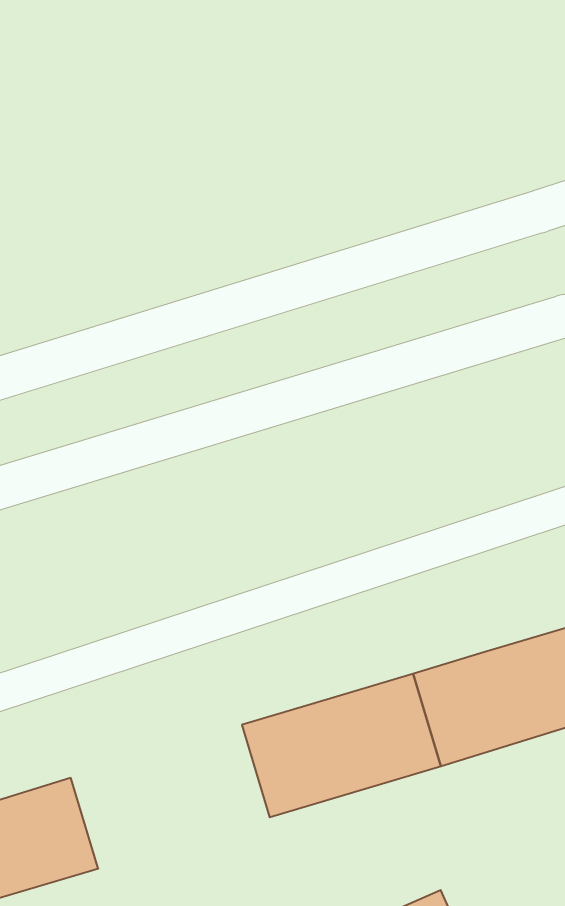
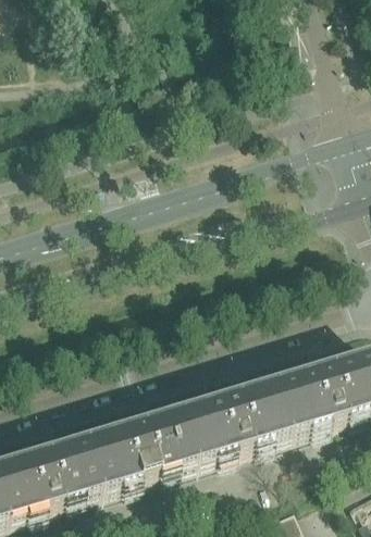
building: none -> [69,414,178,494]

